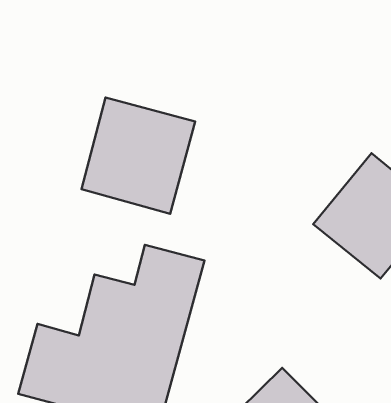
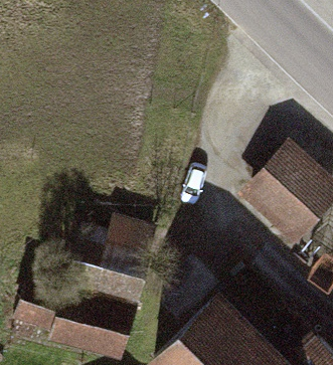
building: [82,98,195,214] -> none

